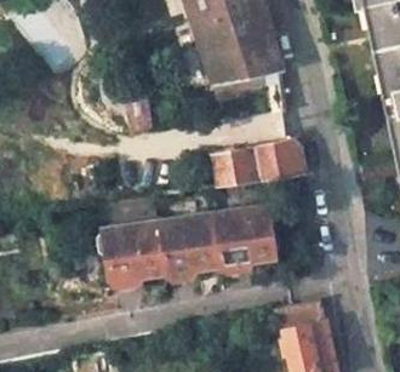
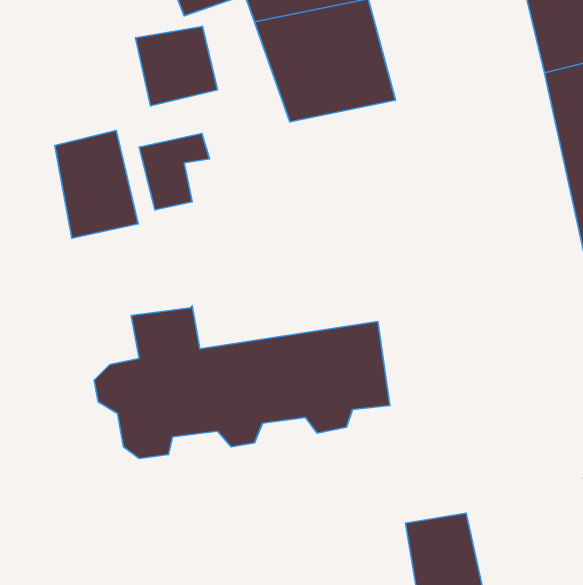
building: none -> [135,26,217,106]
building: none -> [55,130,138,238]
building: [212,139,305,185] -> none

